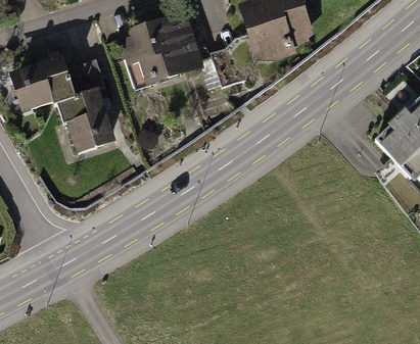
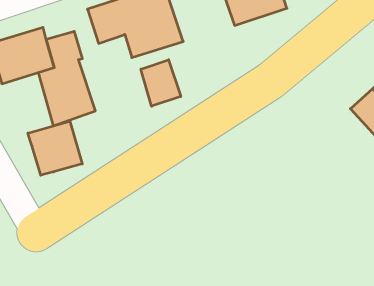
building: none -> [141,60,181,106]
building: none -> [28,121,82,175]

